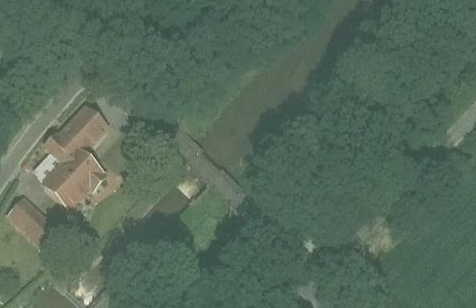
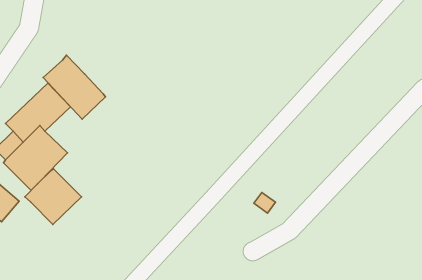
building: none -> [43,55,106,119]
building: none -> [25,169,81,225]

